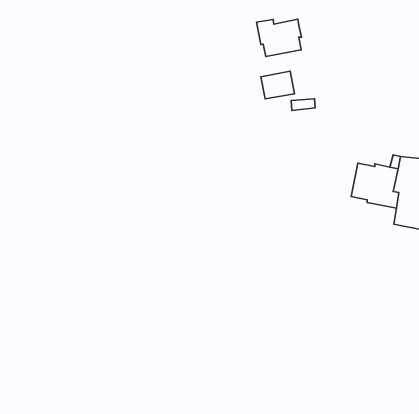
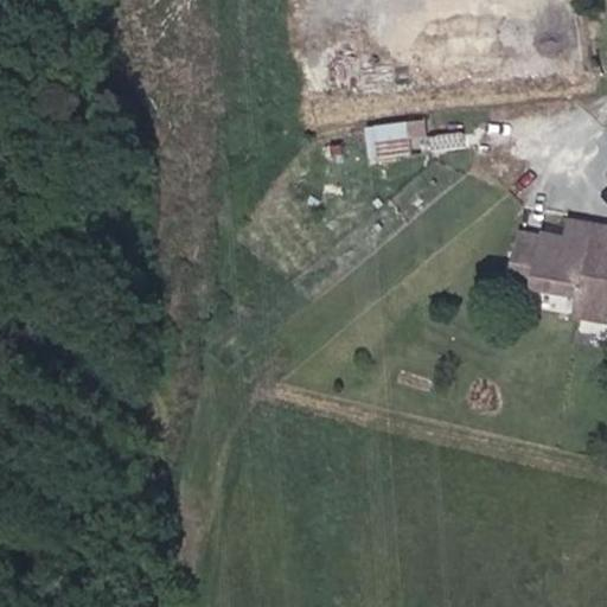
building: [257,19,301,56] -> none

